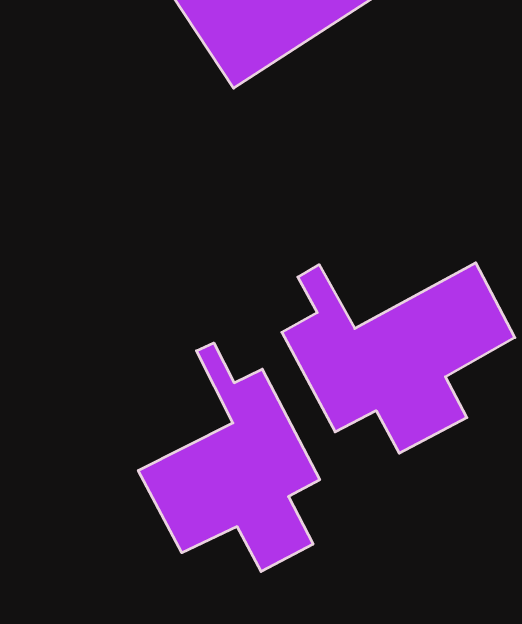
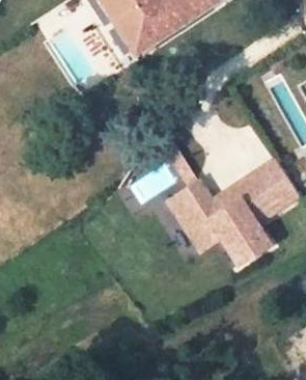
building: [138,343,320,572] -> none

